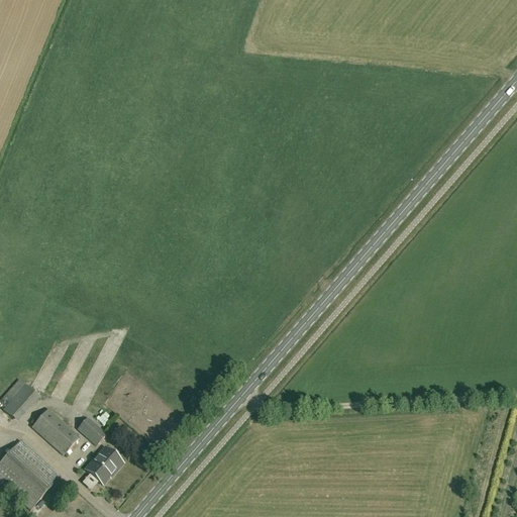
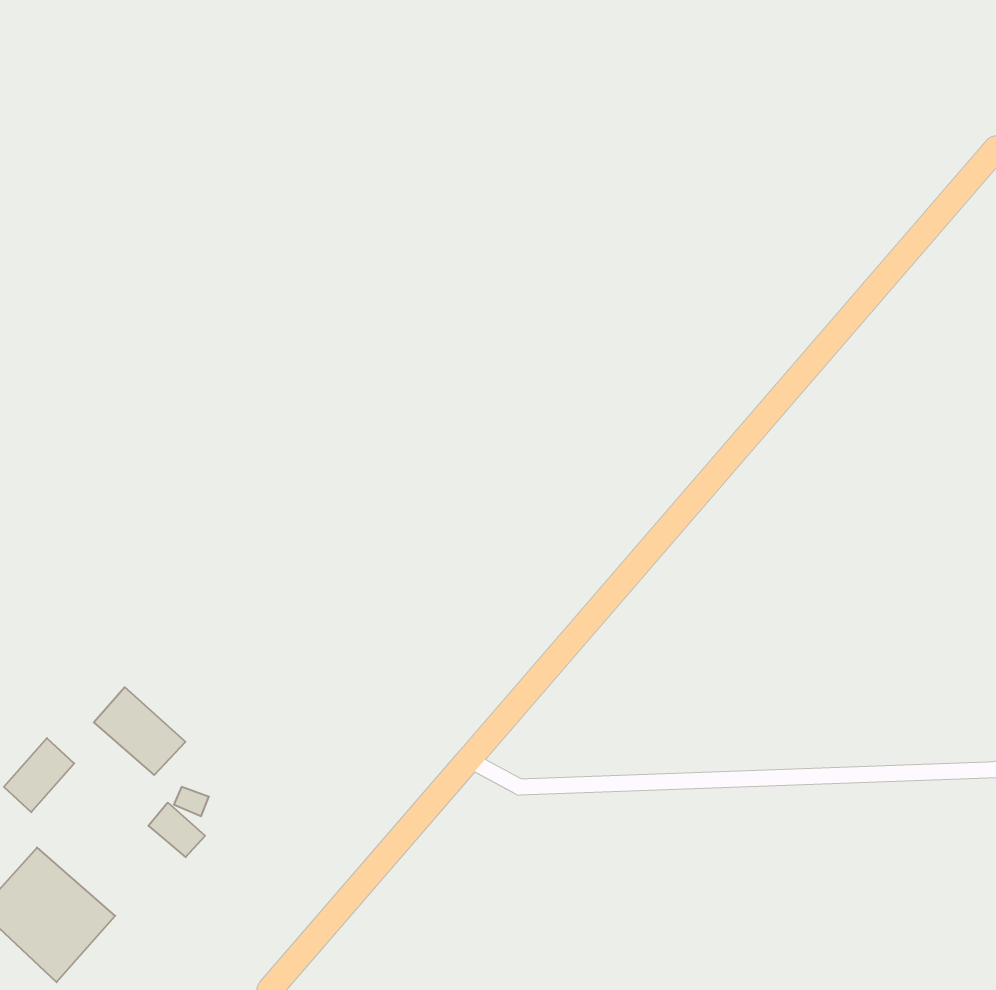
building: [31,407,79,452] -> [94,687,185,775]
building: [85,444,122,483] -> none

